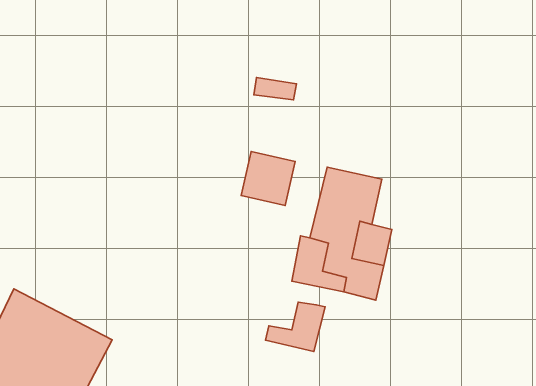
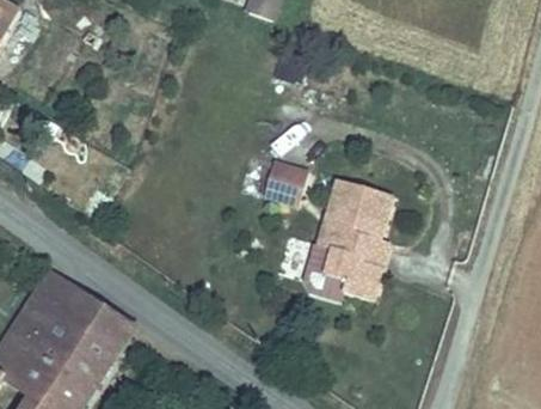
building: [265,302,325,352] -> none

